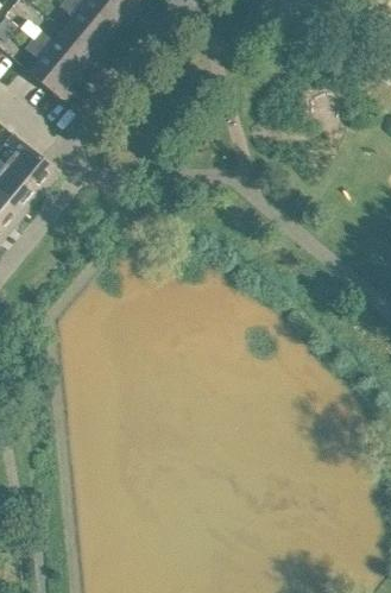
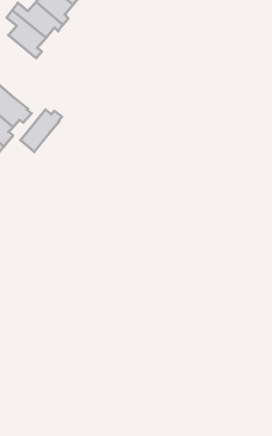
building: none -> [20,110,62,152]

